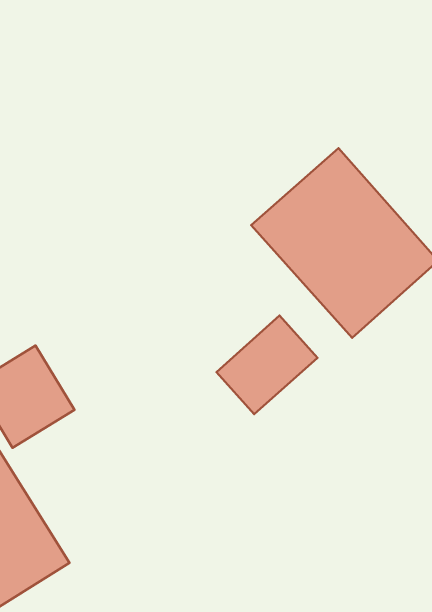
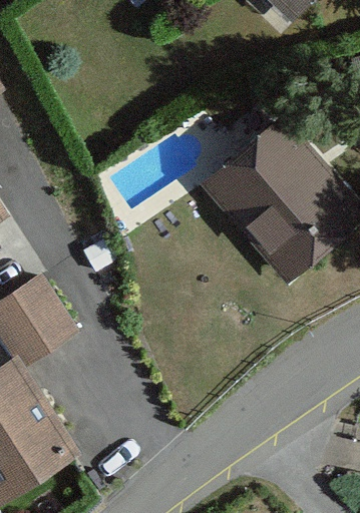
building: [216,316,317,414] -> none

